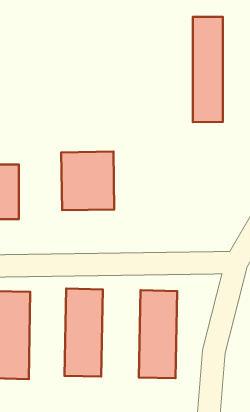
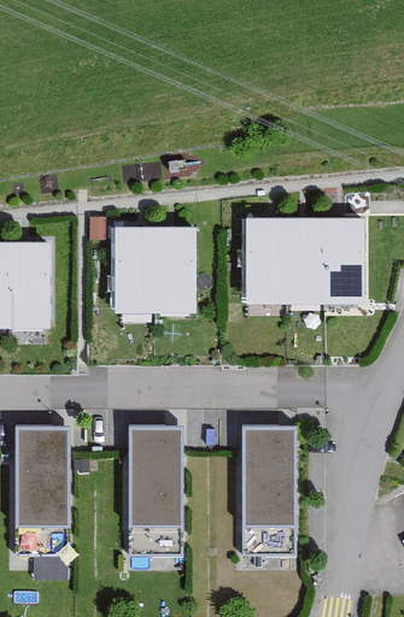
building: [193,17,223,122] -> none
building: none -> [248,217,368,299]

